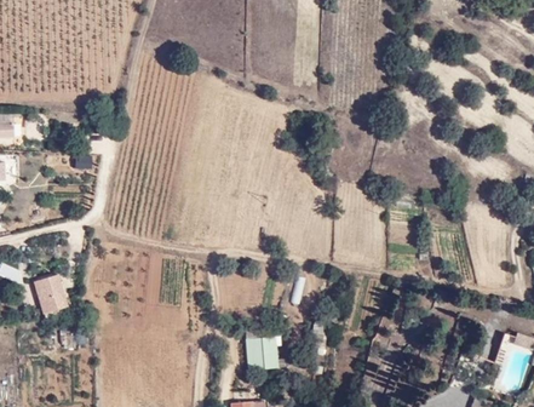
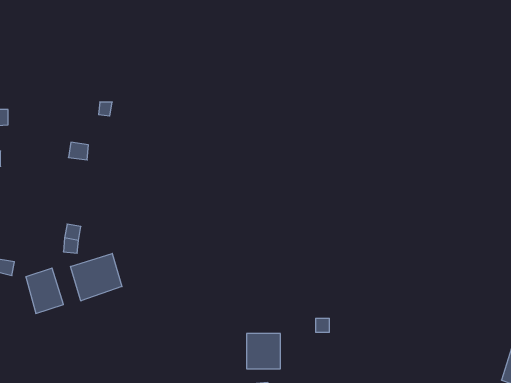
building: none -> [71,253,122,301]

